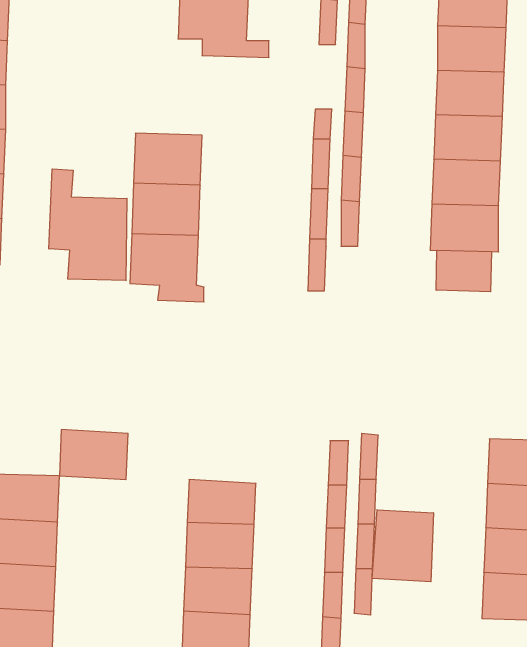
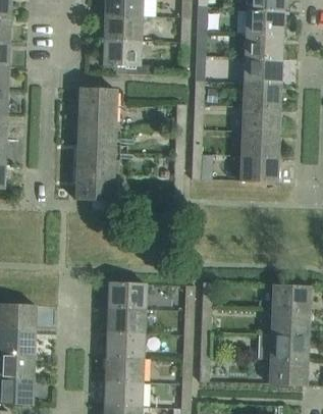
building: none -> [78,88,116,117]
building: [49,169,127,281] -> none
building: [436,250,491,292] -> none
building: [59,430,128,480] -> [108,281,146,309]
building: [372,510,433,582] -> none

